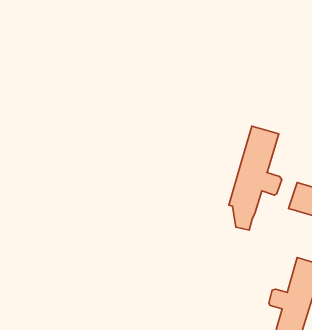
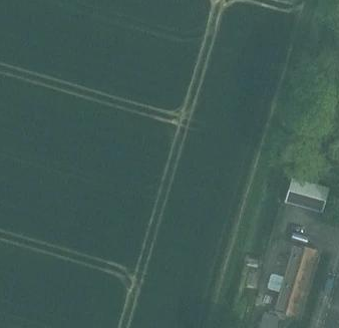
building: [229,126,282,230] -> none

